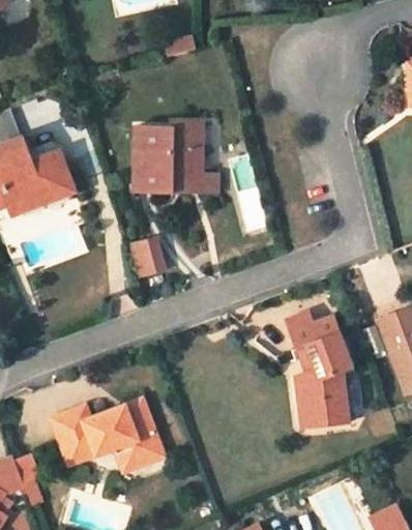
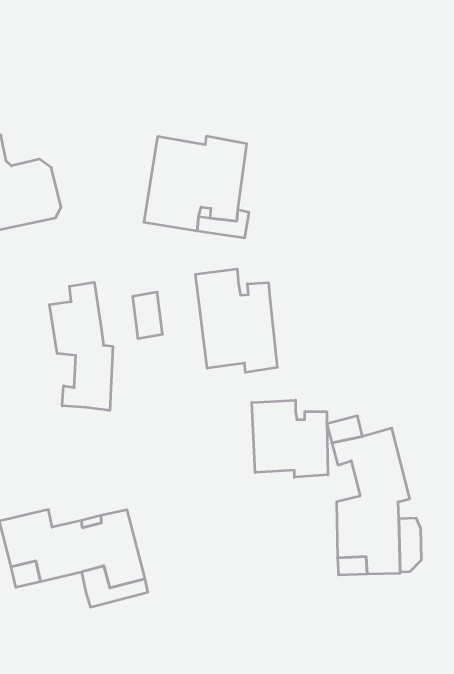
building: none -> [195,269,277,372]
building: none -> [49,282,113,410]
building: none -> [252,400,328,477]

